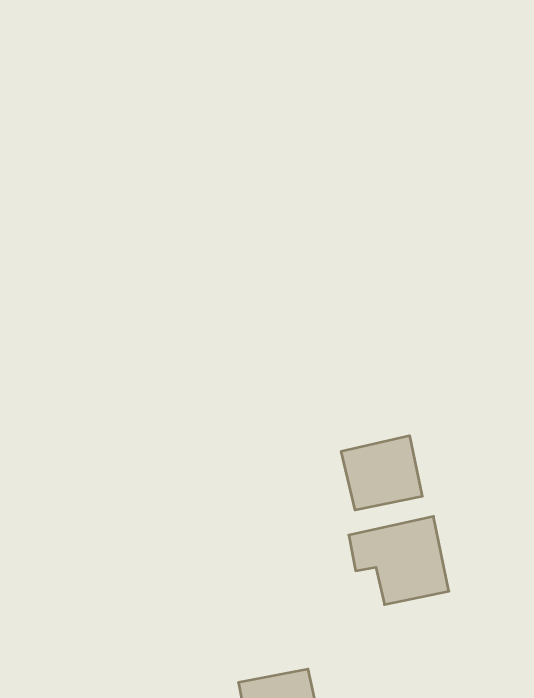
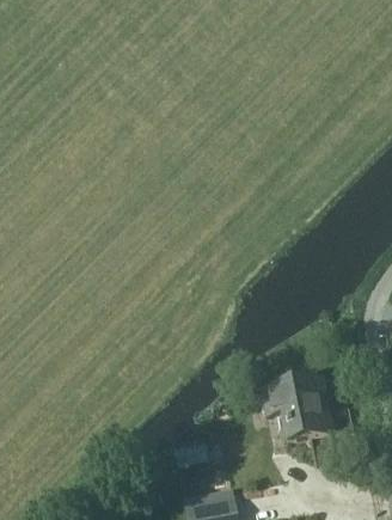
building: [341,436,422,510] -> none

